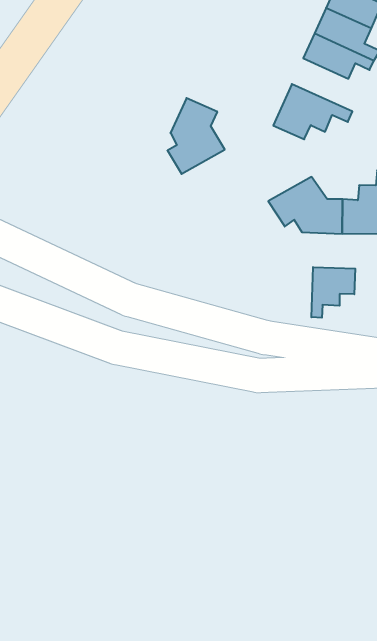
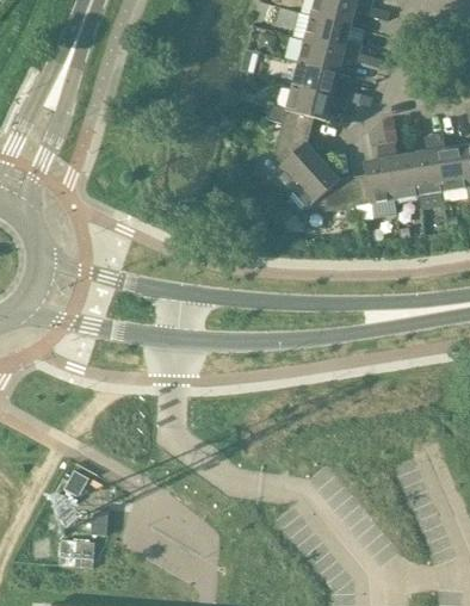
building: none -> [291,61,348,99]
building: [167,98,225,174] -> [273,123,322,188]
building: [311,267,355,318] -> none

